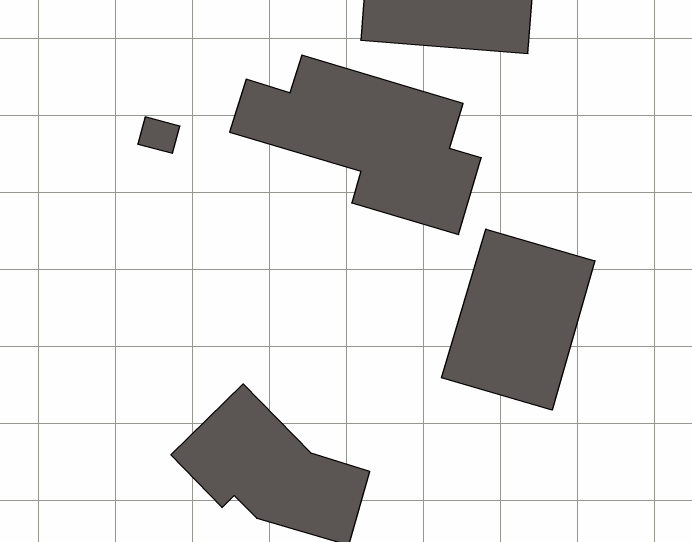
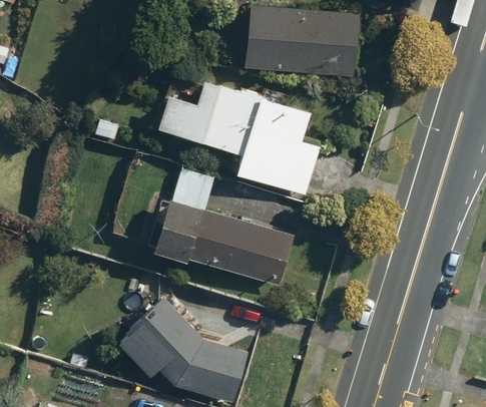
building: none -> [149,169,296,288]
building: [442,229,595,410] -> none

